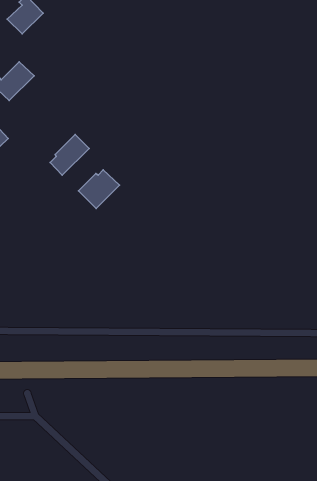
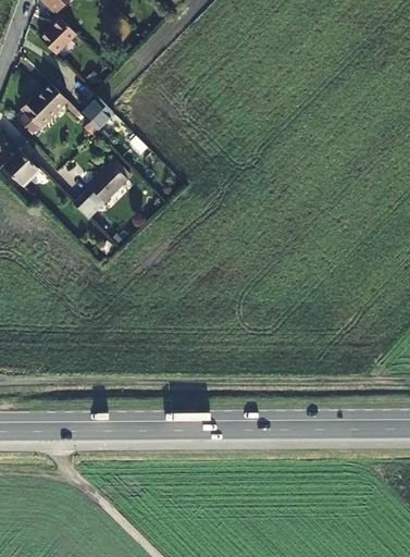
building: none -> [80,101,112,133]
building: [78,170,120,208] -> none

